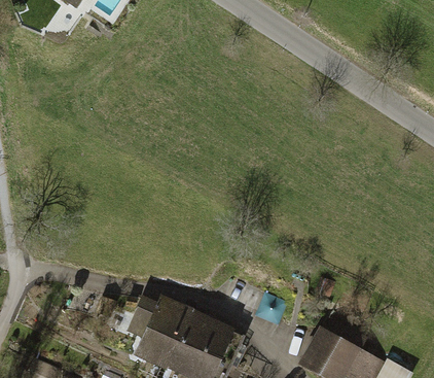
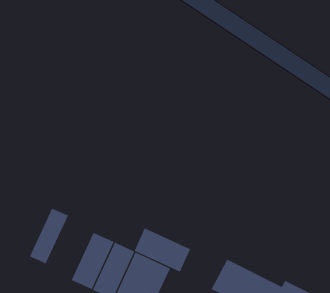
building: none -> [29,208,69,264]
building: none -> [134,227,191,273]

